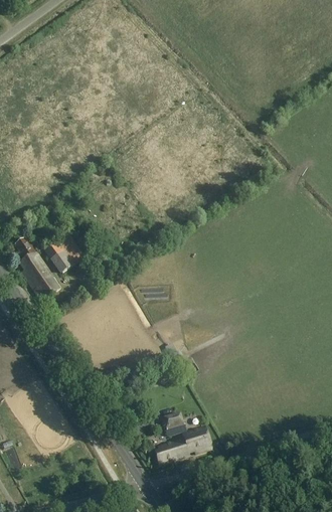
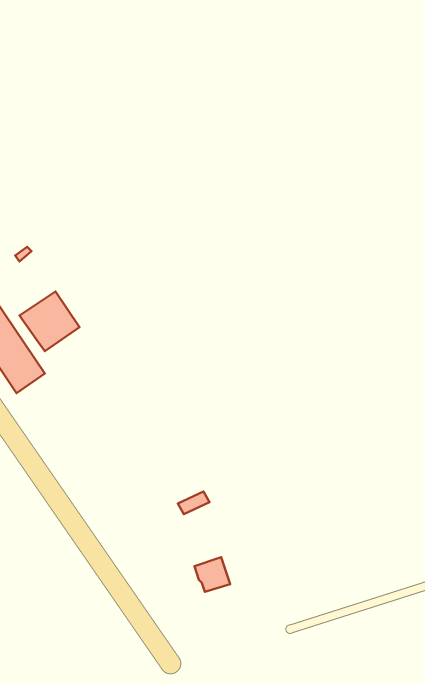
building: [154,426,212,466] -> none

